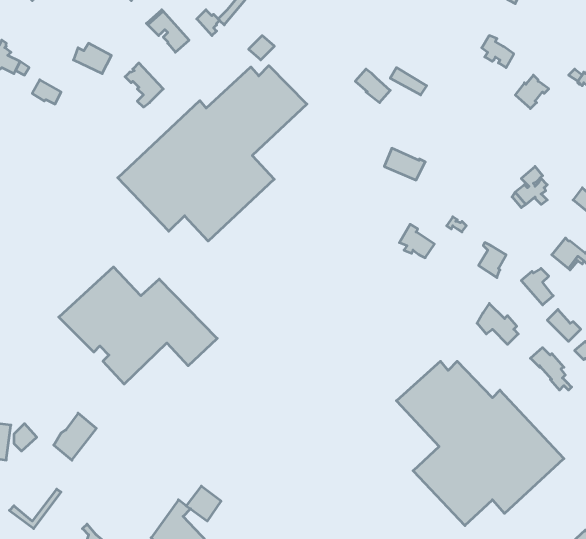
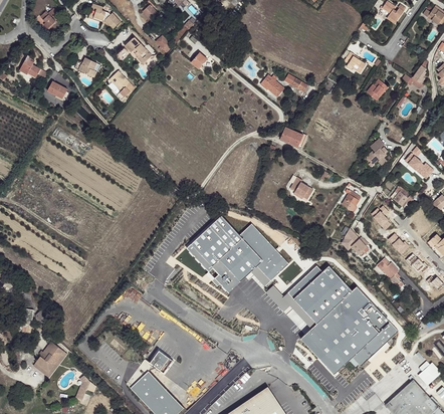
building: [118,66,307,241] -> none
building: [59,267,217,384] -> [184,216,288,293]
building: [54,413,96,460] -> [35,342,63,373]

